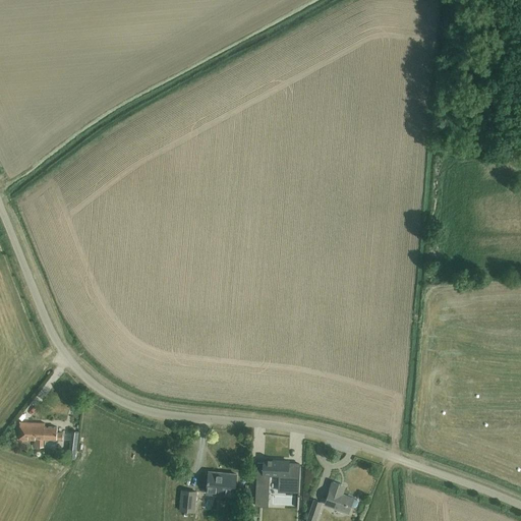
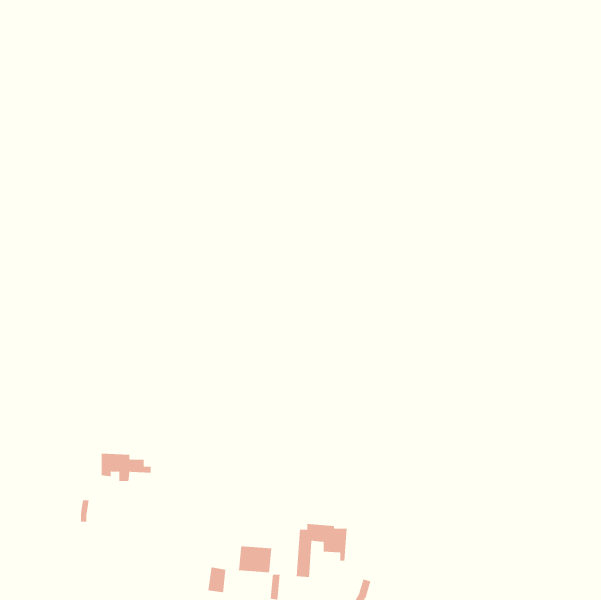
building: [18,424,62,449] -> [101,453,151,481]
building: [325,484,358,514] -> none

